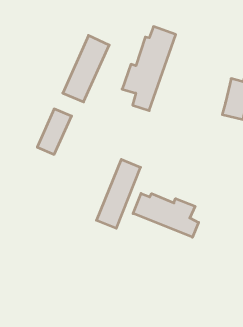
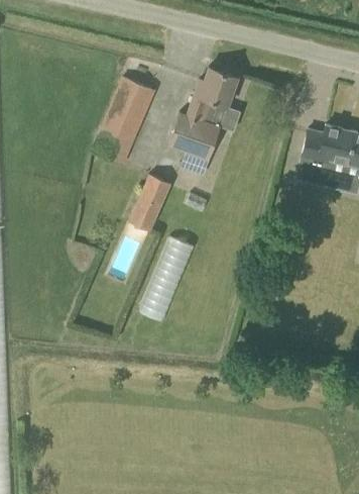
building: [37,109,72,154] -> [128,175,171,232]
building: [133,193,199,237] -> none

